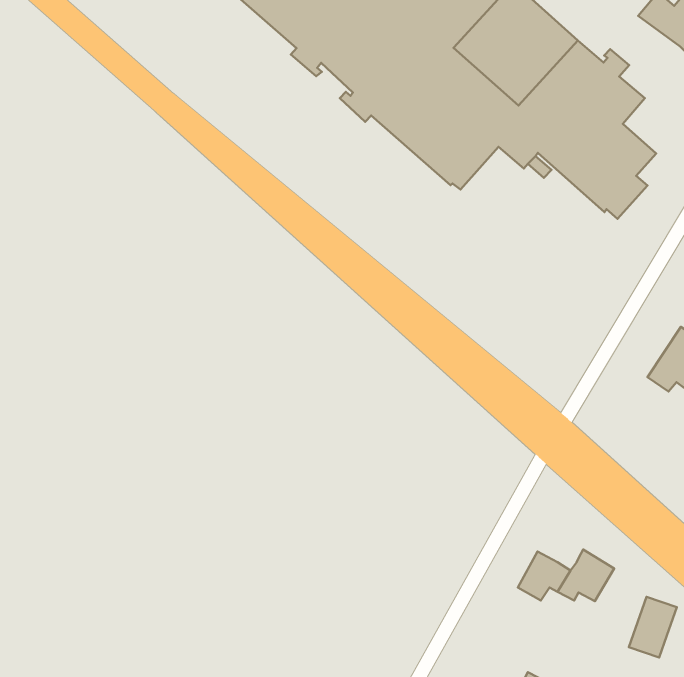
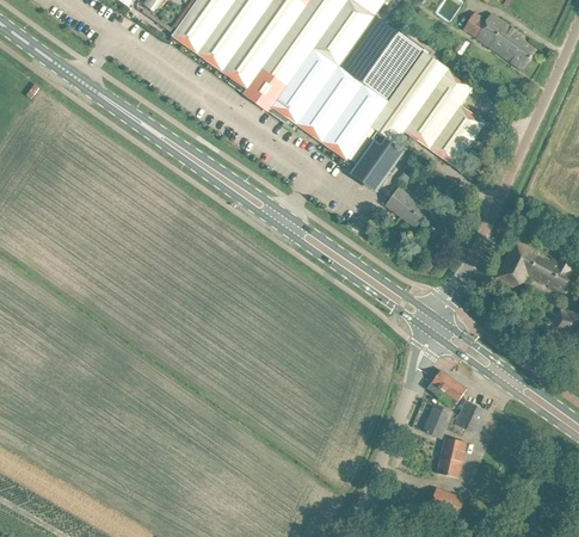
building: none -> [353,130,402,186]
building: none -> [386,189,426,227]
building: none -> [426,370,466,408]
building: [629,597,677,657] -> [436,437,466,477]

